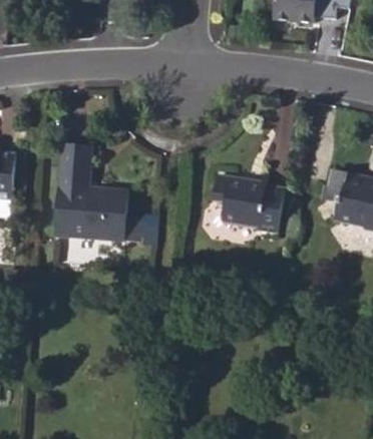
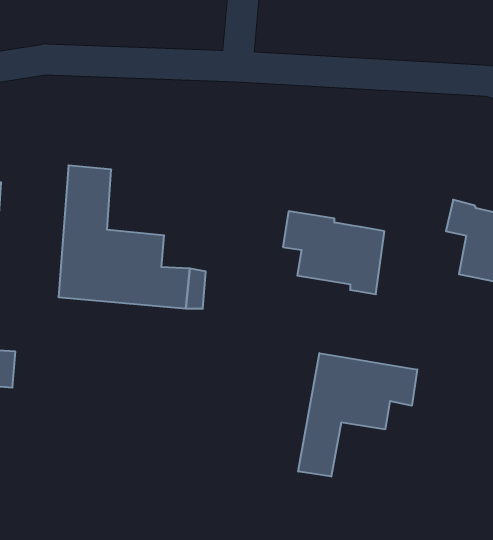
building: none -> [298,353,417,477]

